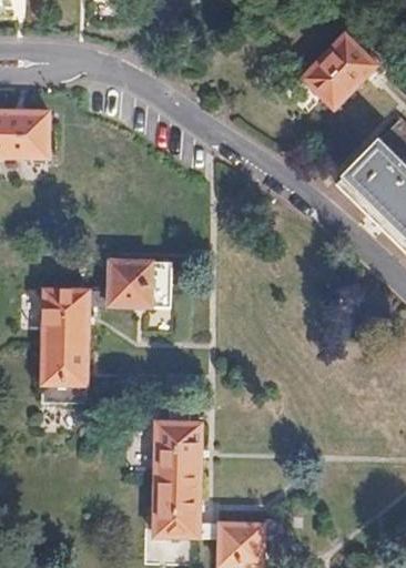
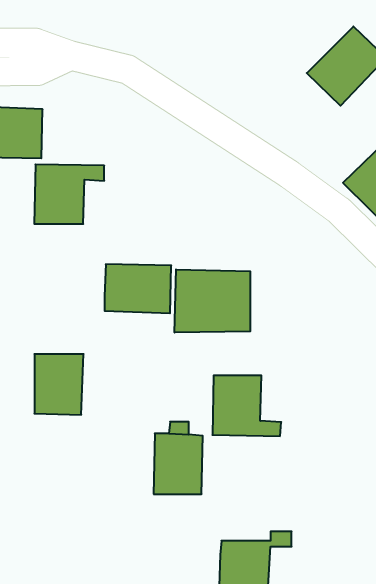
building: none -> [175,269,250,333]
building: [41,288,108,345] -> [34,164,104,224]
building: [153,478,219,536] -> [212,375,281,436]

